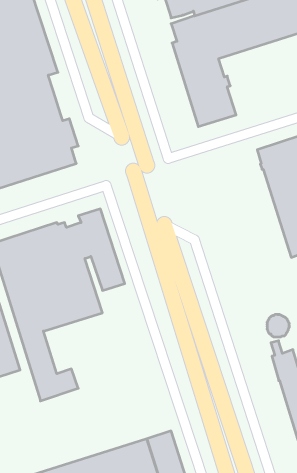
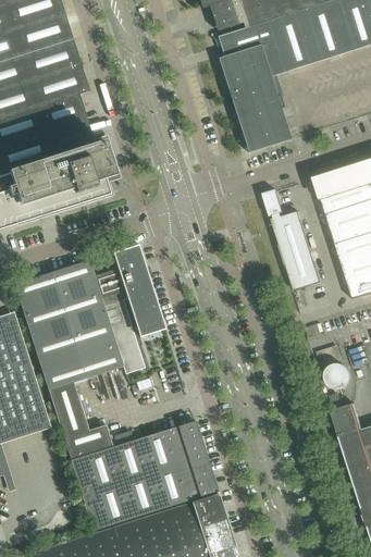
building: none -> [263,189,321,289]
building: none -> [71,420,218,530]

